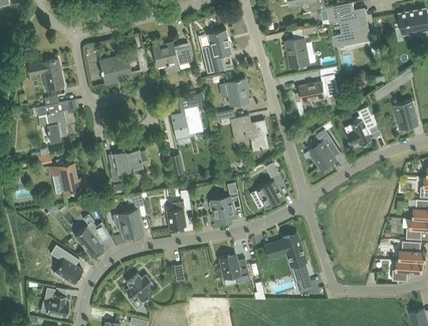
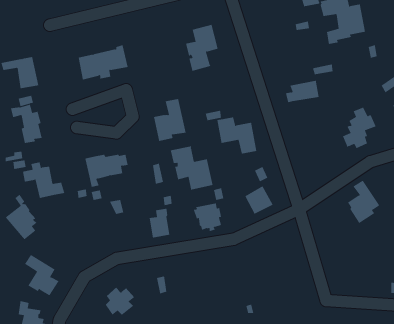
building: [285,38,315,67] -> none
building: [152,42,192,73] -> none
building: [226,78,247,105] -> none
building: [309,128,341,170] -> [347,180,380,224]
building: none -> [170,145,213,190]
building: [118,209,143,237] -> none
building: [73,214,103,257] -> [5,194,37,240]
building: [264,236,308,282] -> none
building: [219,255,248,283] -> none

